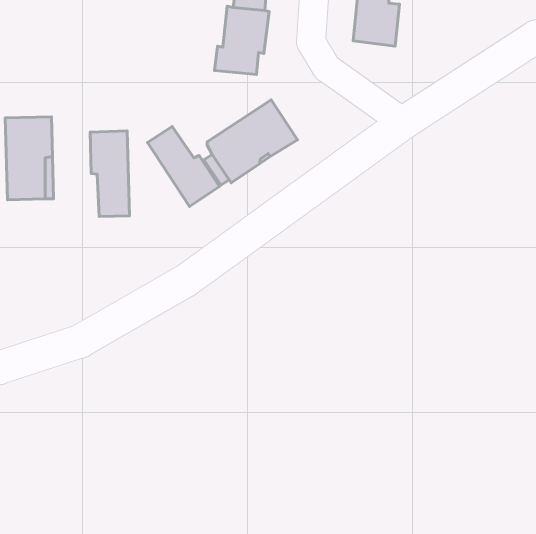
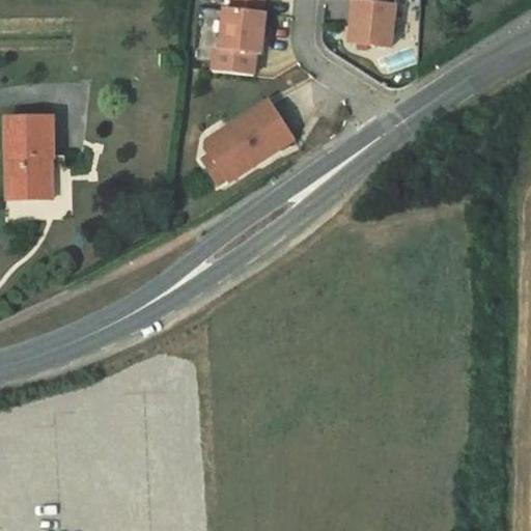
building: [148,126,220,206] -> none
building: [90,131,129,217] -> none

